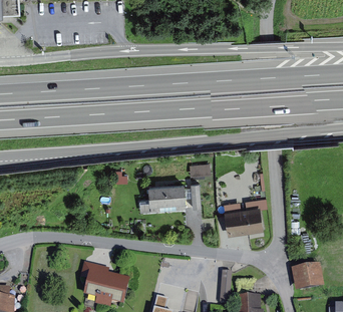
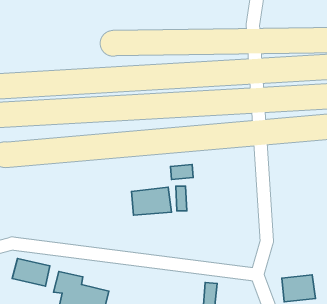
building: [225,197,264,233] -> none
building: none -> [12,258,50,286]

